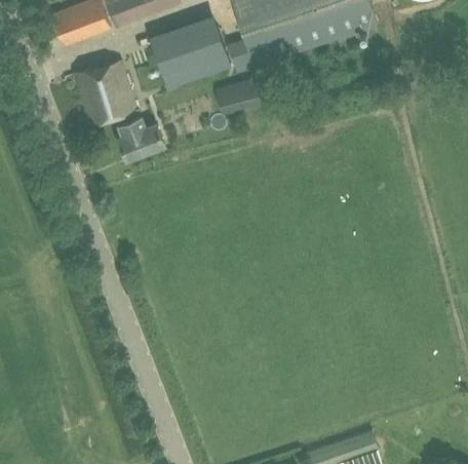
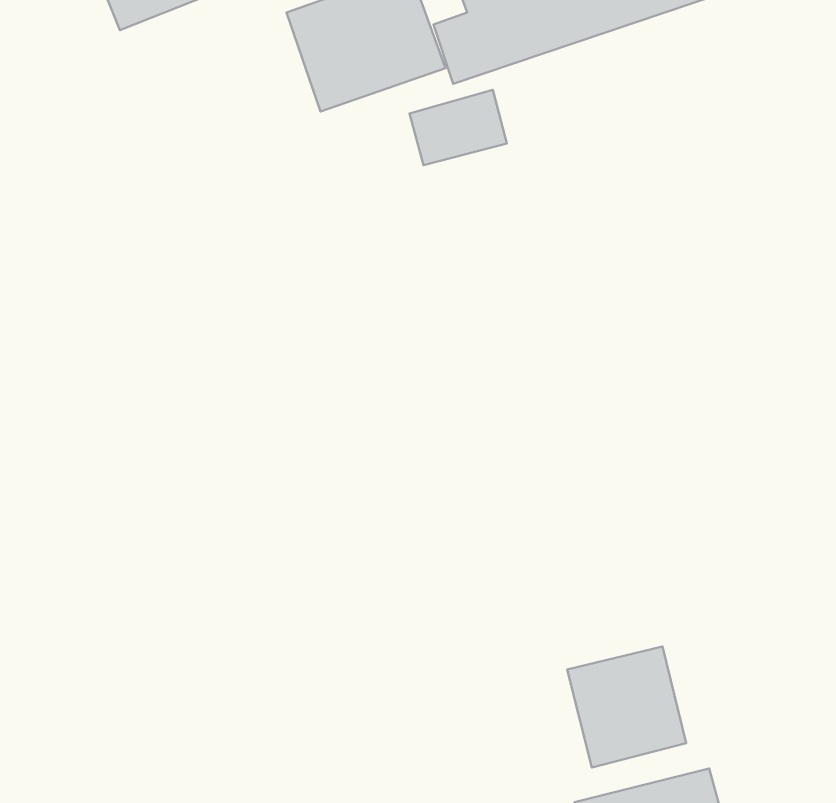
building: [72,60,136,126] -> none
building: [119,117,164,161] -> none
building: none -> [567,646,686,768]

